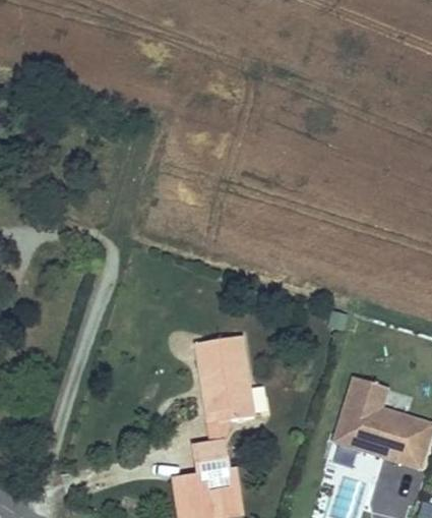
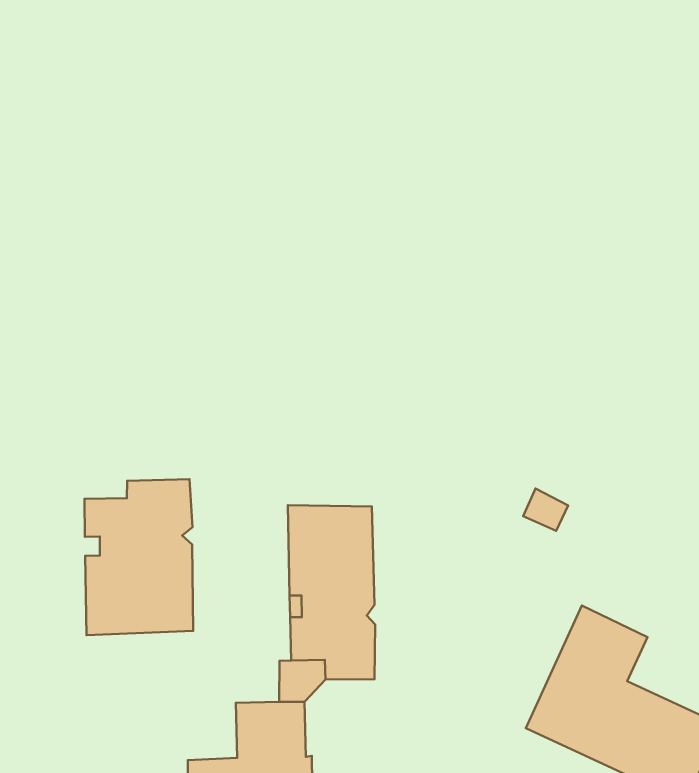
building: none -> [85,479,193,635]

